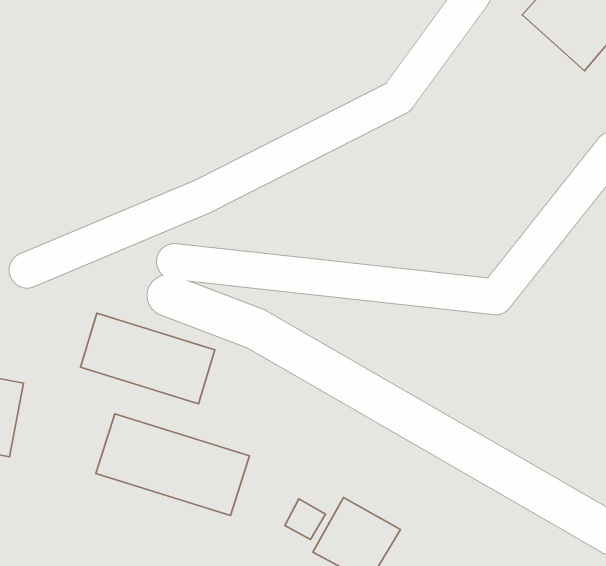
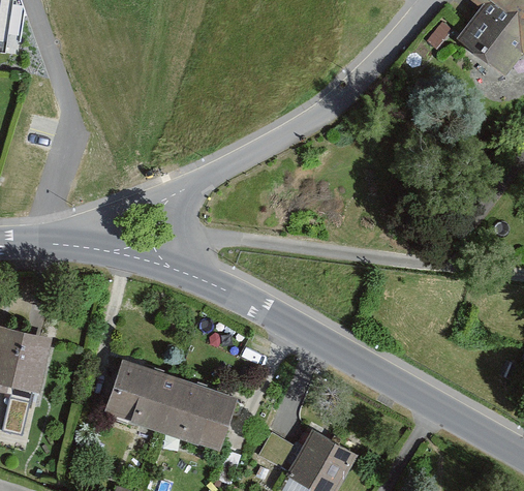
building: [81,313,215,404] -> none

